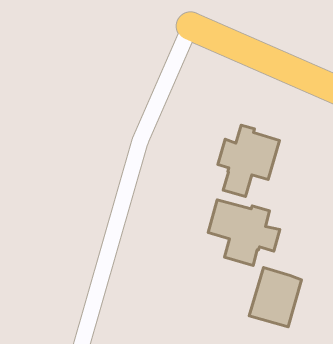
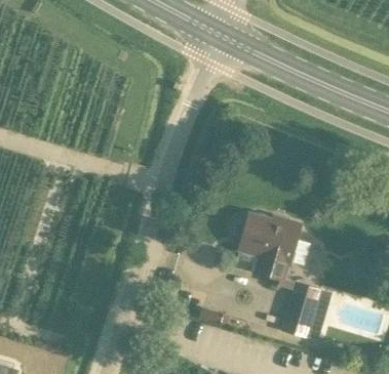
building: [218,125,280,197] -> none

